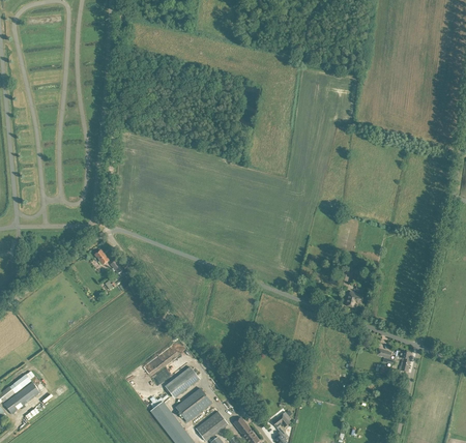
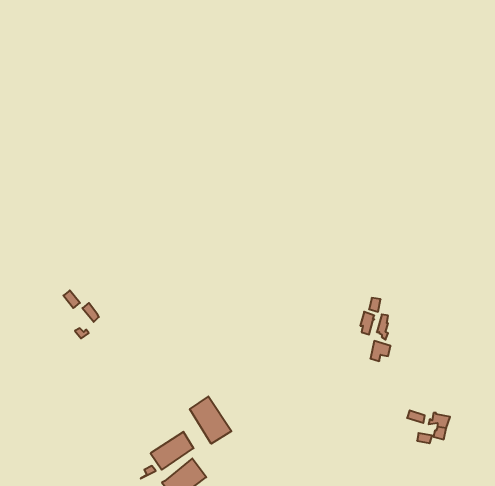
building: none -> [190,396,231,444]

